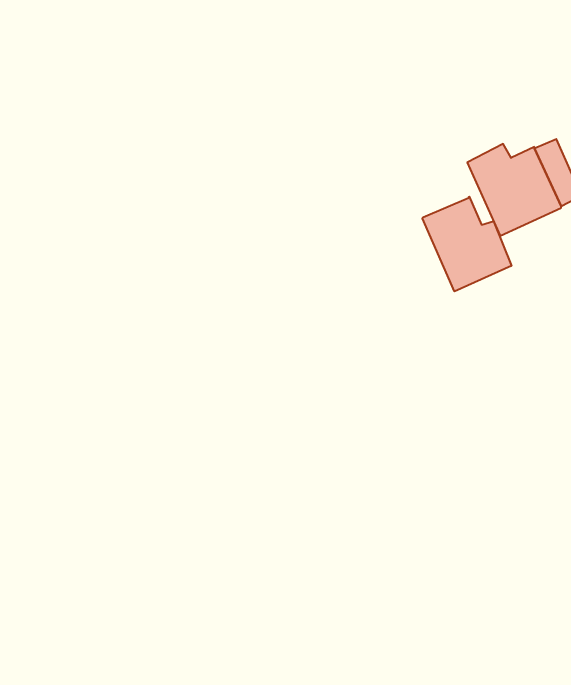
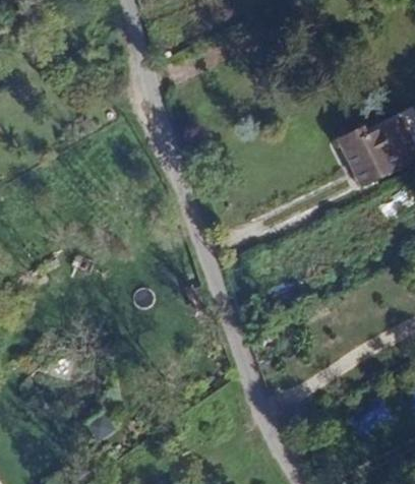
building: [422,197,511,291] -> none

